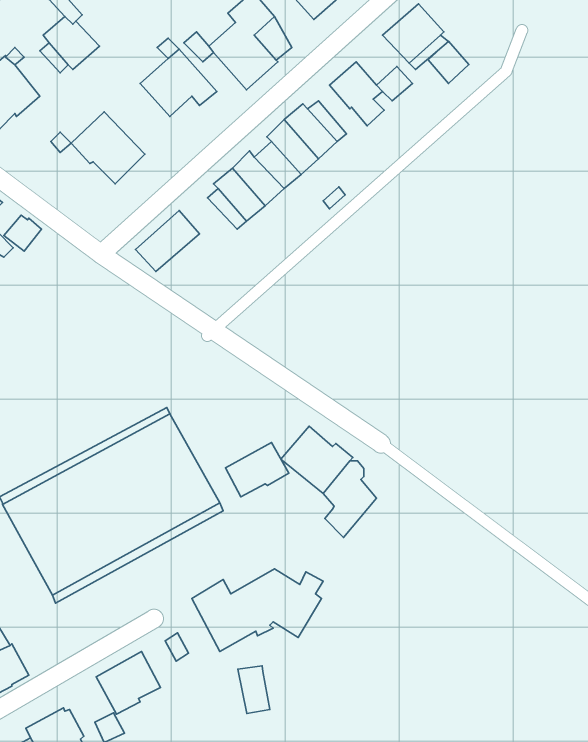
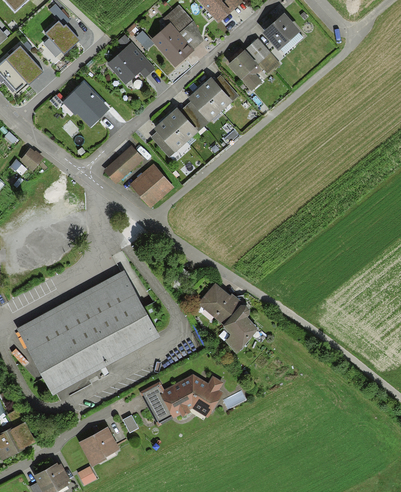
building: [428,41,469,83] -> [244,38,270,65]
building: none -> [129,164,173,208]
building: [226,442,289,497] -> none
building: [238,666,270,714] -> none

